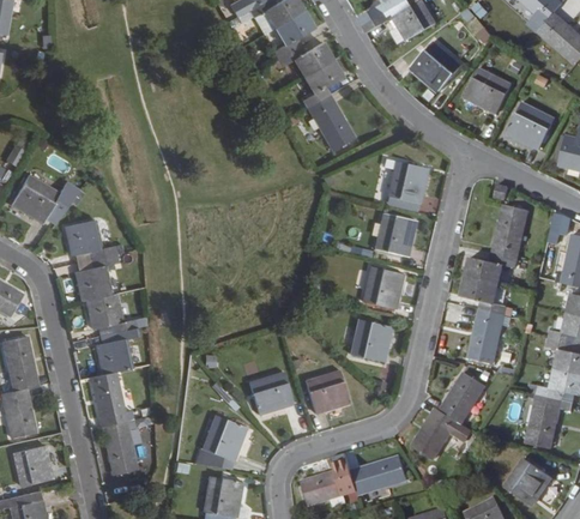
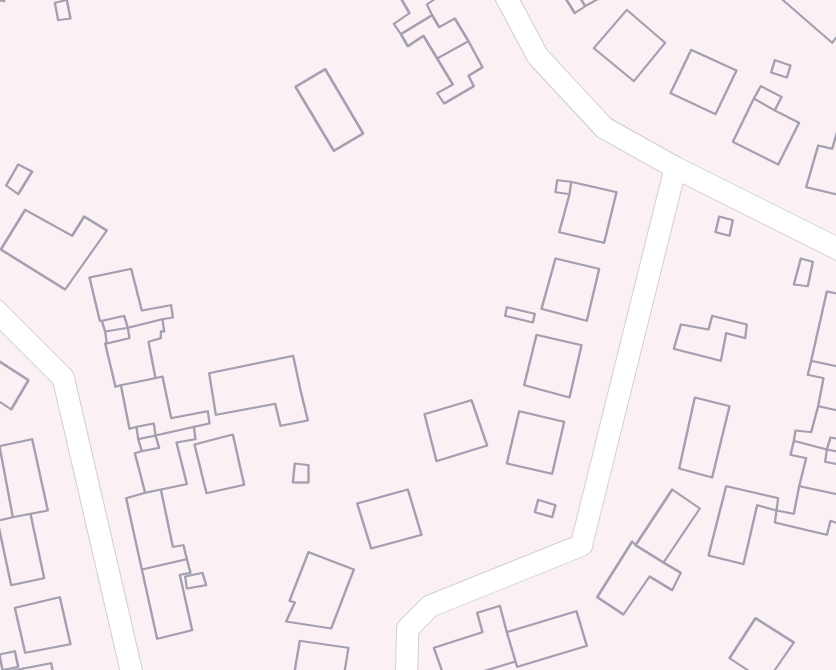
building: [309,93,356,150] -> [296,69,363,151]
building: [494,204,530,258] -> none
building: [463,274,508,314] -> none
building: none -> [209,356,308,426]
building: none -> [195,435,244,493]
building: [307,370,350,412] -> [424,400,487,461]
building: [525,394,573,448] -> [709,486,778,564]

